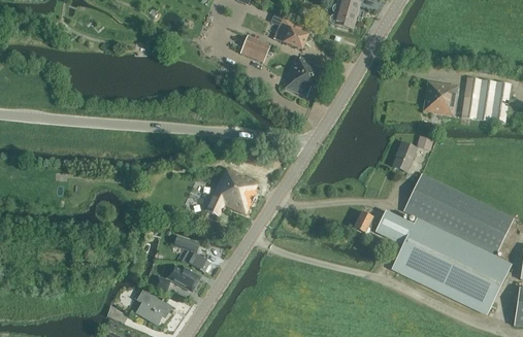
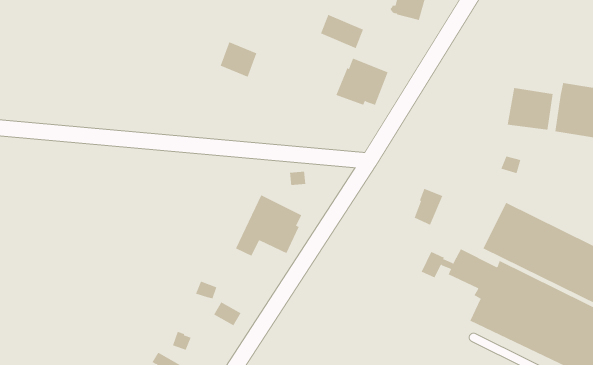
building: [239,34,269,63] -> [220,41,257,78]
building: [392,142,416,172] -> [414,188,443,226]
building: [167,265,199,291] -> none

